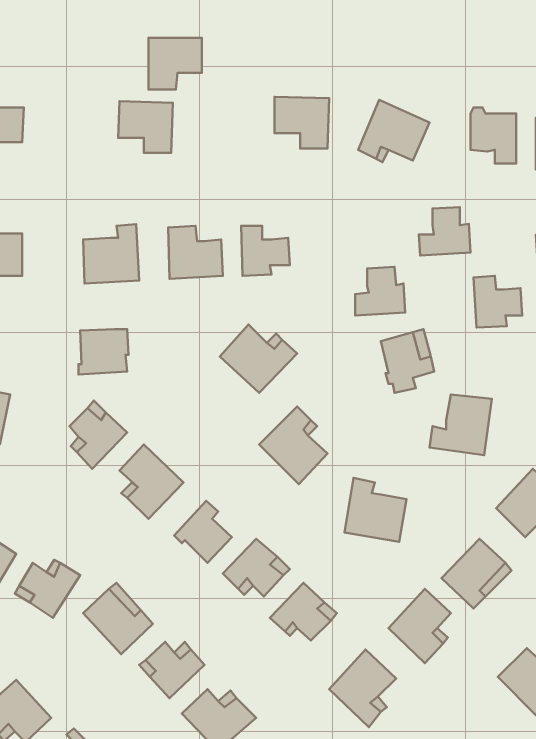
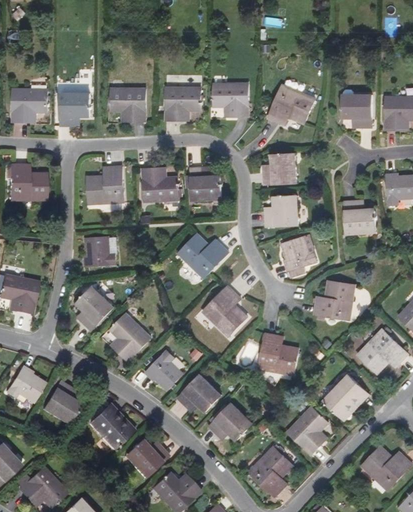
building: [149,38,202,90] -> [165,88,200,122]
building: none -> [60,94,91,127]
building: [419,207,470,256] -> [262,153,296,185]

